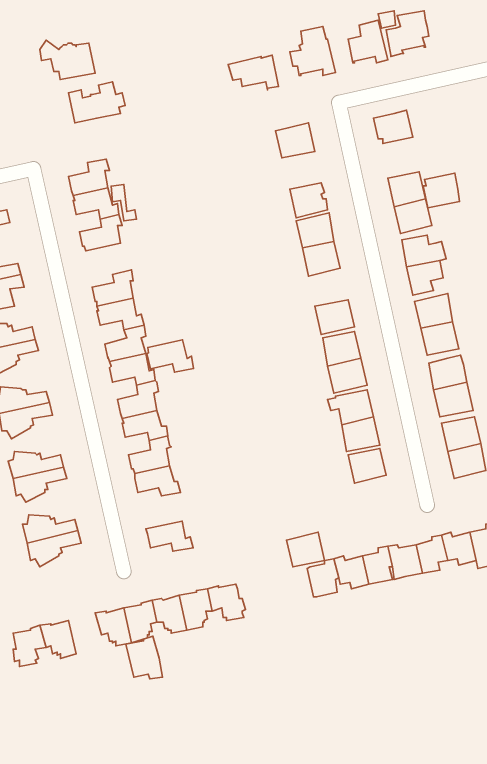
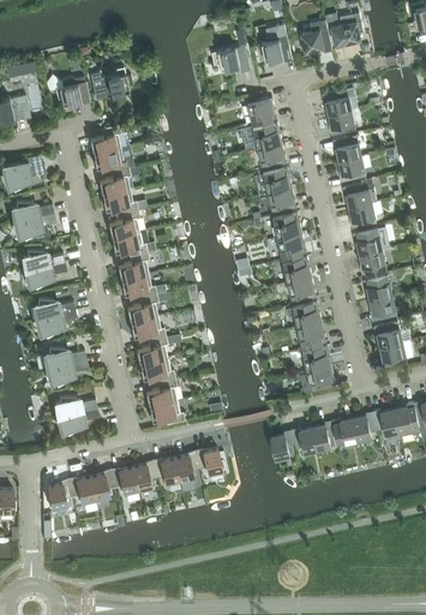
building: [40,40,95,80] -> [47,76,89,106]
building: none -> [239,123,282,150]
building: [423,173,459,208] -> [328,109,355,136]
building: none -> [103,190,138,214]
building: none -> [272,211,302,238]
building: [147,340,194,372] -> none
building: none -> [145,380,176,407]
building: [287,532,324,567] -> [307,366,336,393]
building: [126,636,162,679] -> [90,471,118,503]

